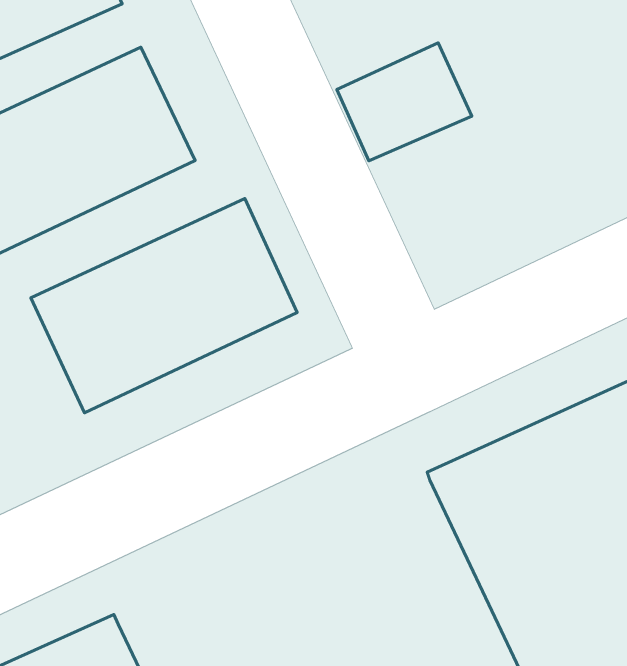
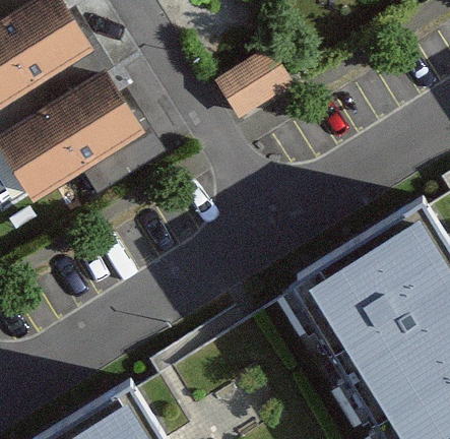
building: [31,199,297,413] -> none

